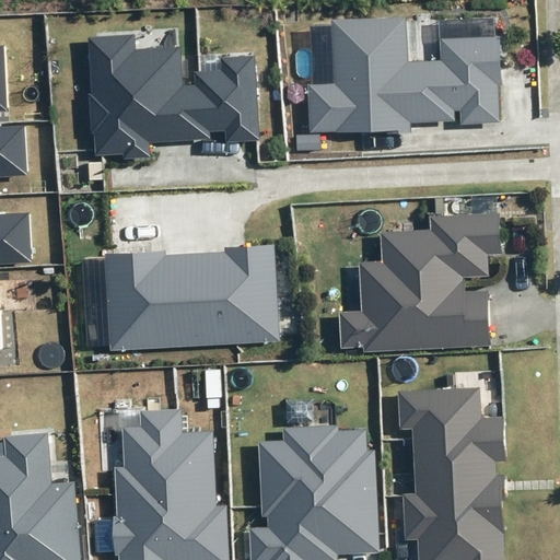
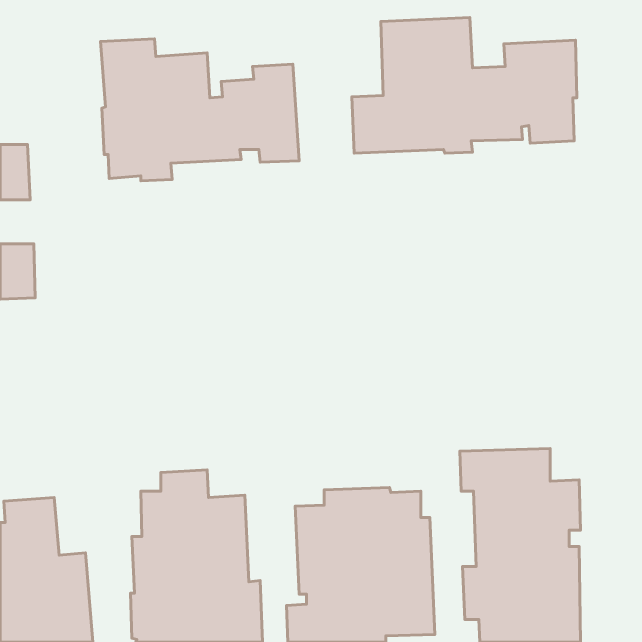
building: [337,210,504,352] -> none
building: [104,246,279,350] -> none

